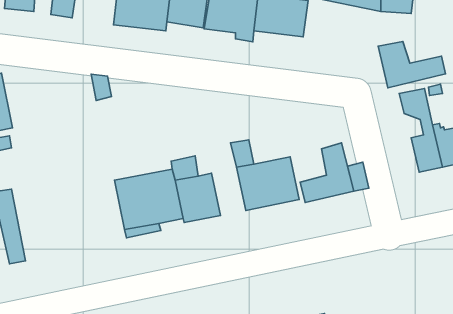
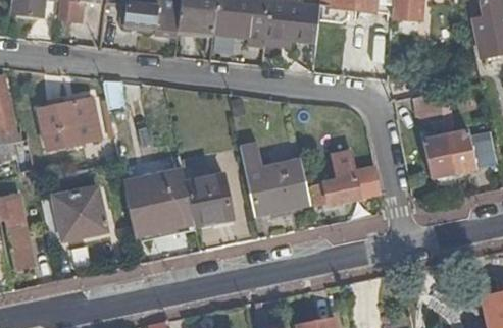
building: [378,41,446,88] -> none
building: none -> [39,98,101,150]
building: none -> [41,187,106,241]

